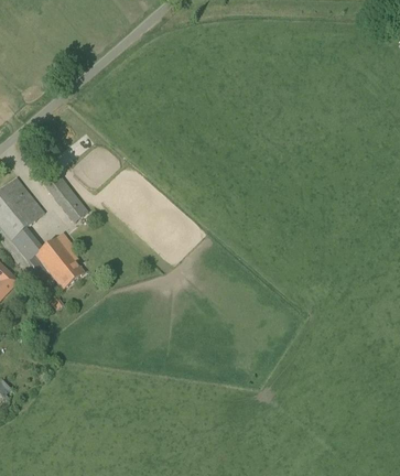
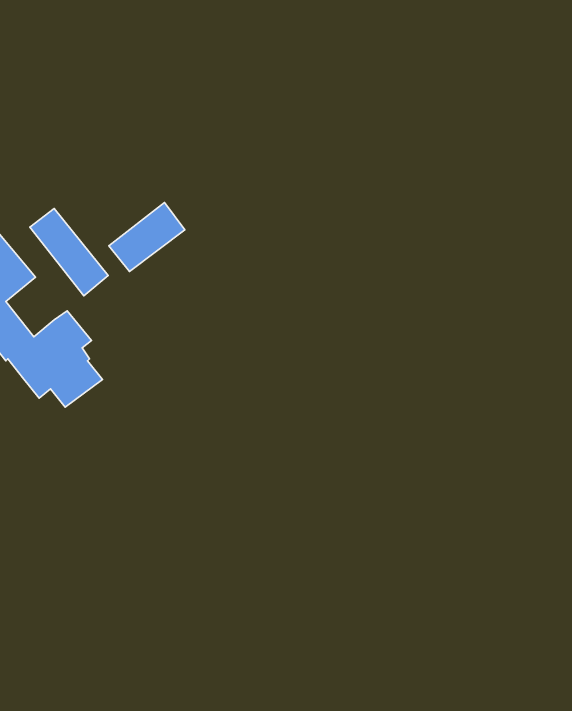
building: none -> [109,202,185,272]

